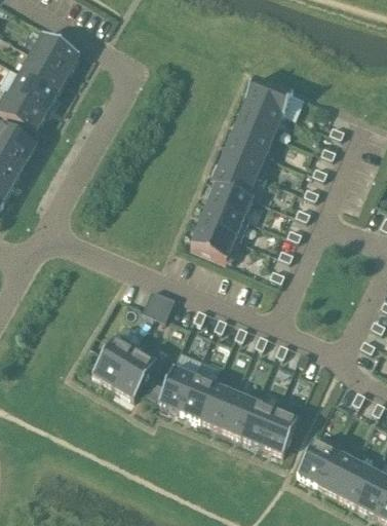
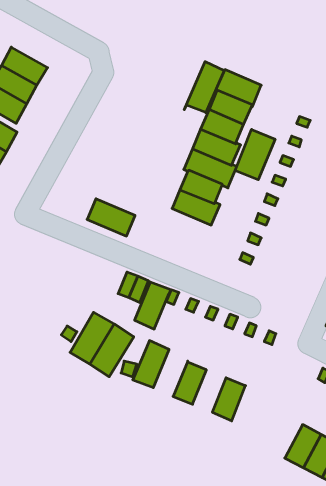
building: [31,32,80,74] -> none
building: none -> [184,62,224,113]
building: none -> [235,129,275,180]
building: [190,222,240,261] -> [87,199,135,236]
building: [180,370,218,419] -> [135,282,171,329]
building: [221,391,256,436] -> none
building: [262,403,300,453] -> none
building: [297,434,339,484] -> none

